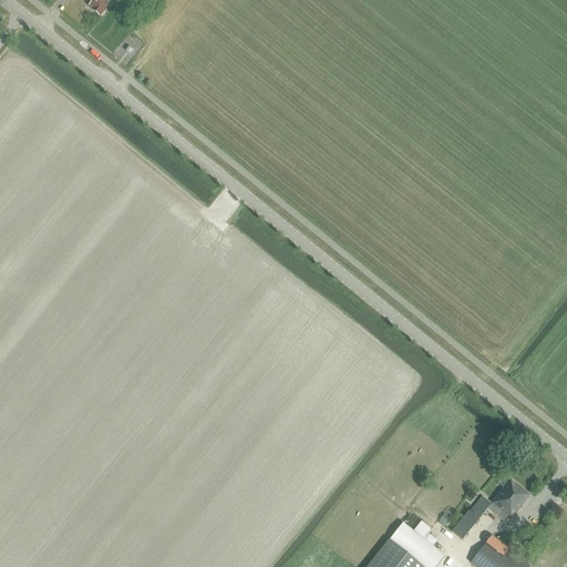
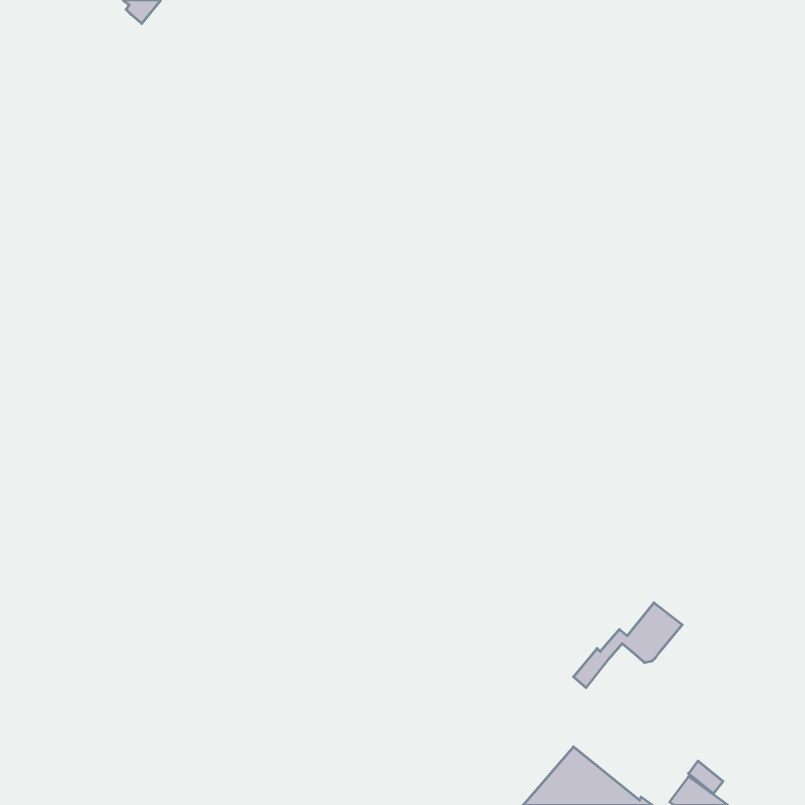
building: [453,480,529,539] -> [573,603,682,688]

